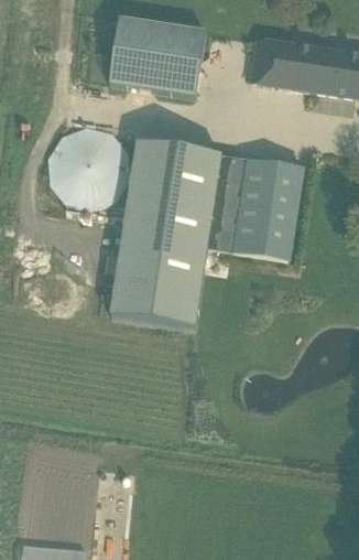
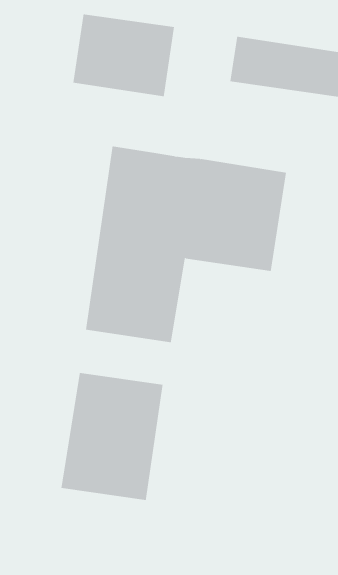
building: [54,126,129,207] -> none
building: none -> [61,372,163,501]

